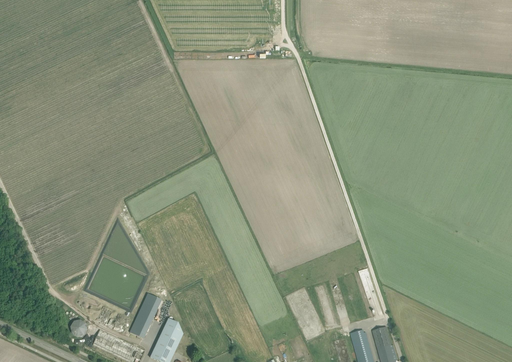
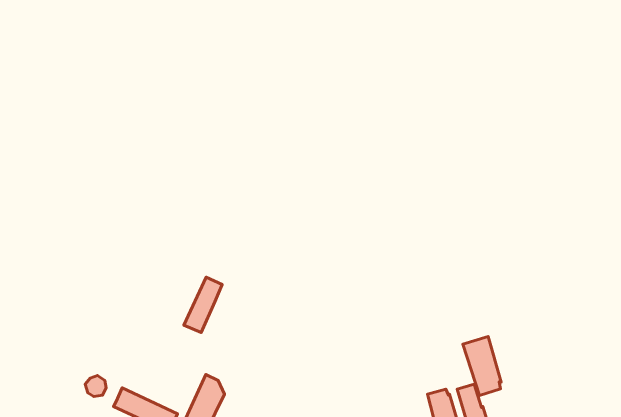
building: none -> [463,337,501,395]
building: [130,293,161,338] -> [184,277,222,333]

